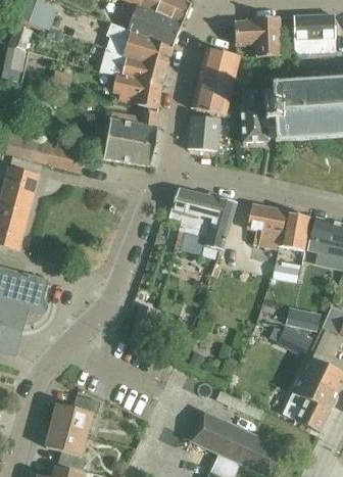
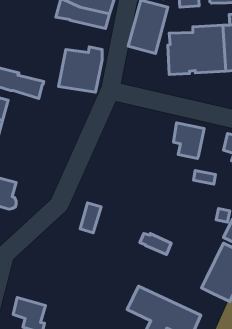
building: [111,74,161,107] -> none
building: [186,115,218,150] -> none
building: [168,188,235,251] -> none
building: [279,210,310,250] -> none
building: [271,326,310,352] -> [140,234,171,255]
building: [50,394,100,434] -> none

